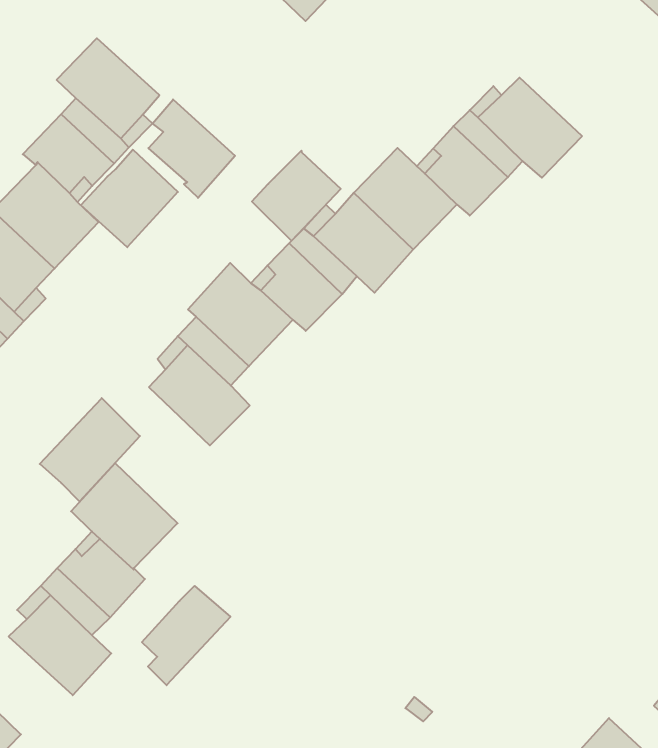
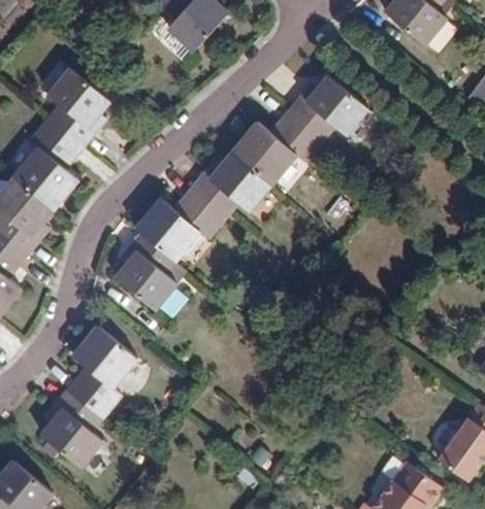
building: [148,99,235,198] -> none
building: [81,150,178,247] -> none
building: [252,151,341,241] -> none
building: [40,398,140,502] -> none
building: [142,586,230,685] -> none

